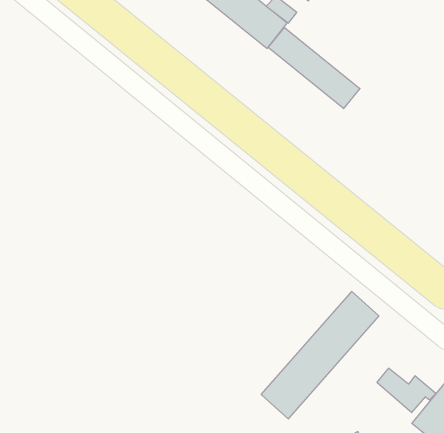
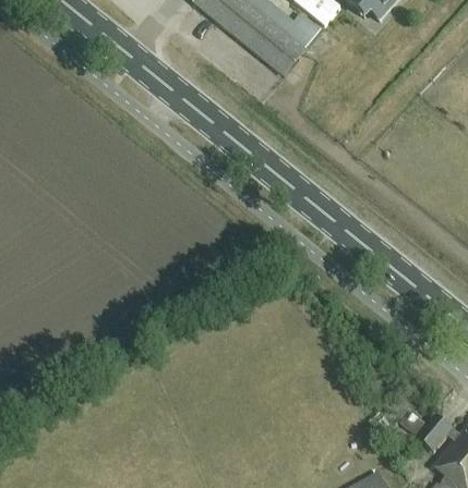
building: [268,27,360,109] -> none
building: [261,292,379,419] -> none

